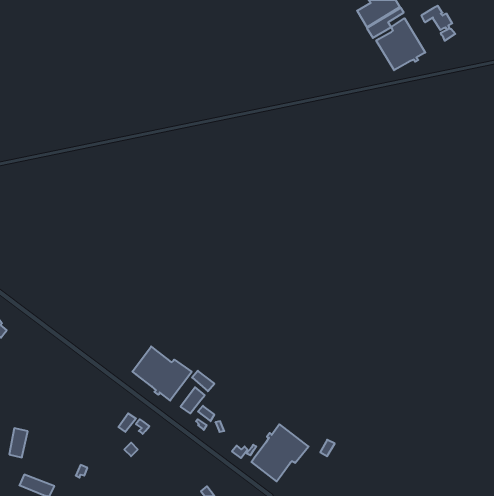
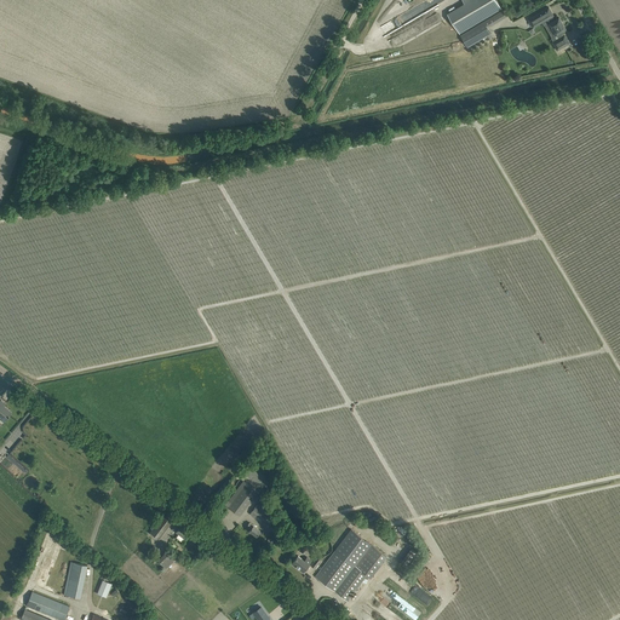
building: [376,18,425,70] -> none
building: [132,346,192,401] -> none
building: [9,428,28,457] -> [62,562,85,598]

